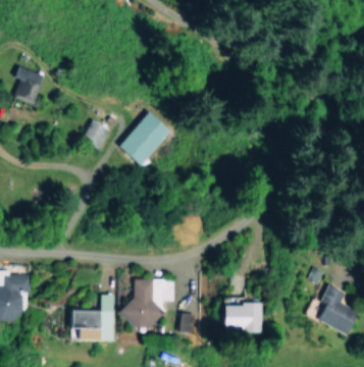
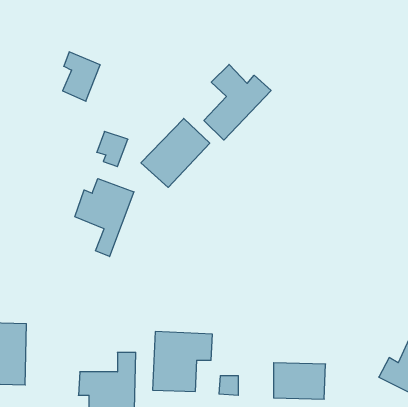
building: [13,65,43,104] -> [63,52,100,101]
building: none -> [204,64,271,140]
building: none -> [75,179,134,257]

